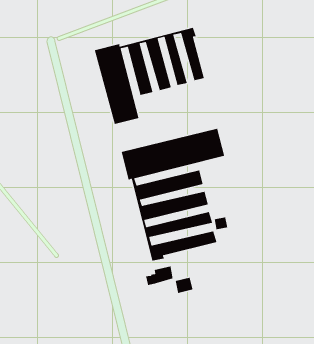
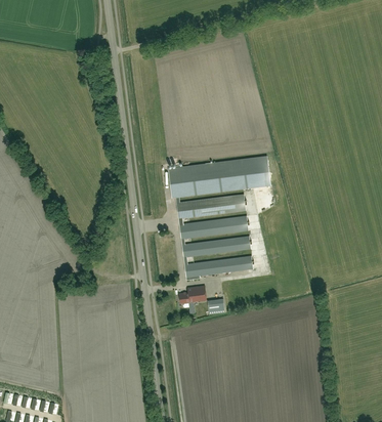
building: [94,27,205,125] -> none

